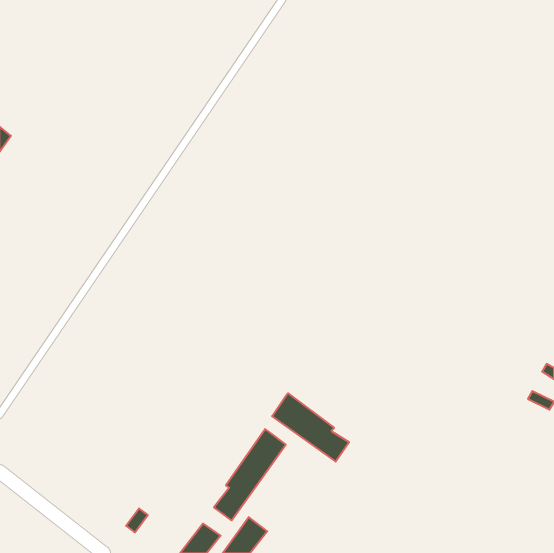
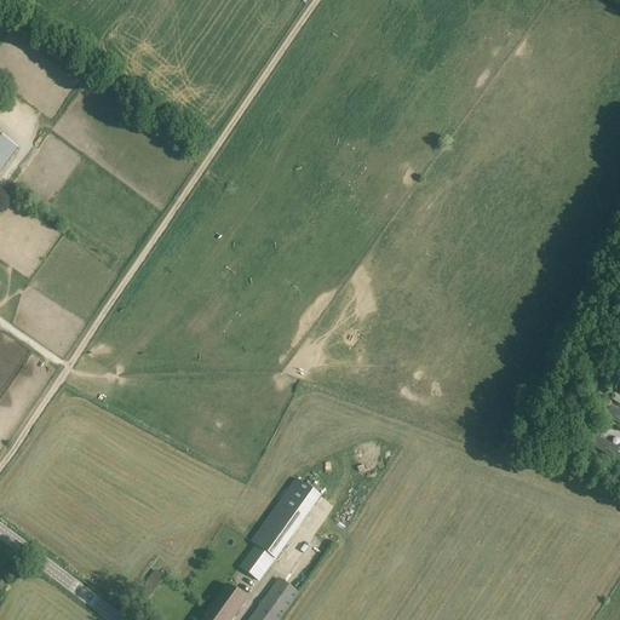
building: [272,393,349,462] -> none

